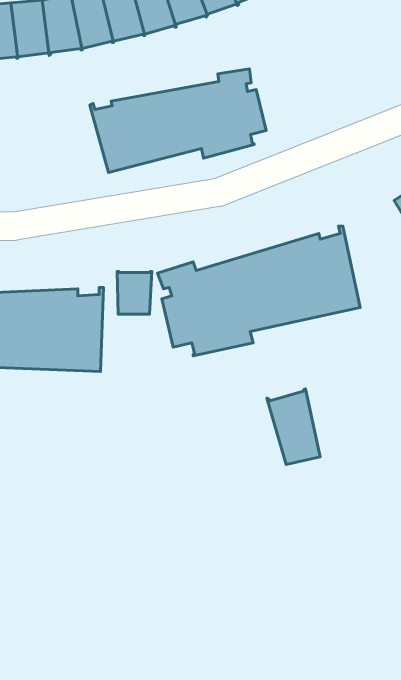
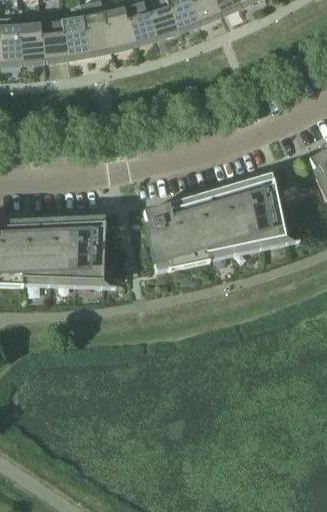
building: [90,69,266,173] -> none
building: [117,271,152,314] -> none
building: [267,389,320,464] -> none

